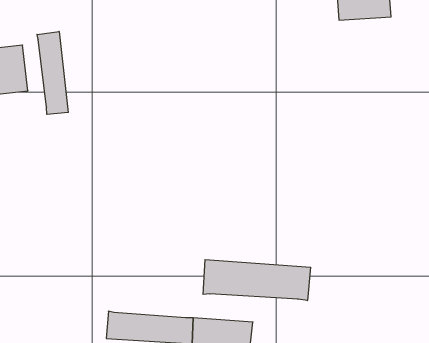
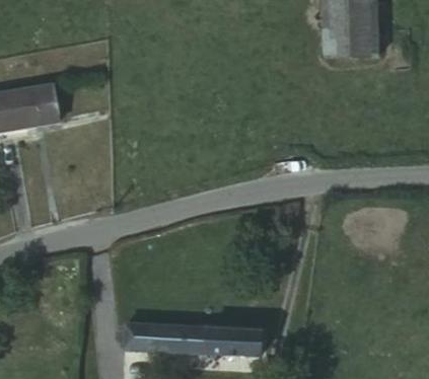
building: [37,31,68,114] -> none
building: [203,260,311,301] -> none

